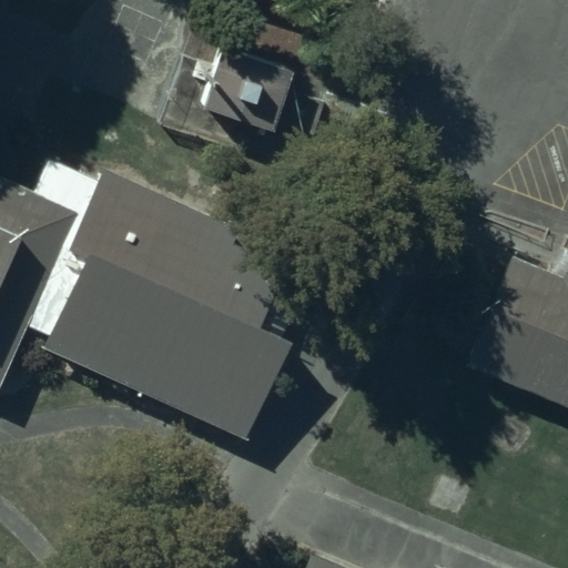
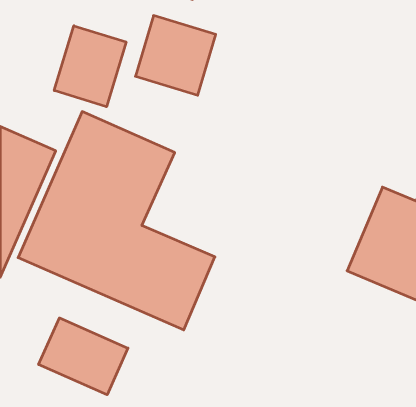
building: none -> [54,26,126,107]
building: none -> [39,318,128,395]

